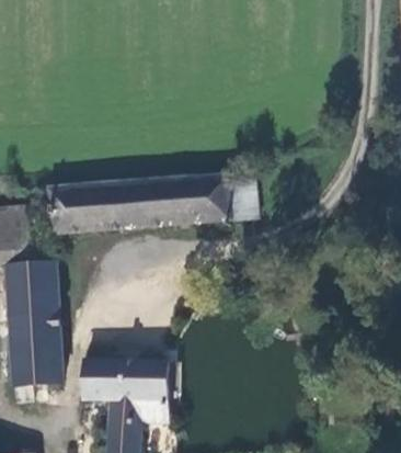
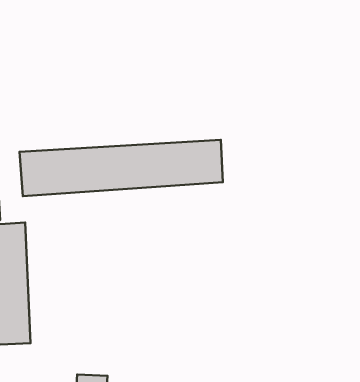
building: [83,359,167,416] -> none

